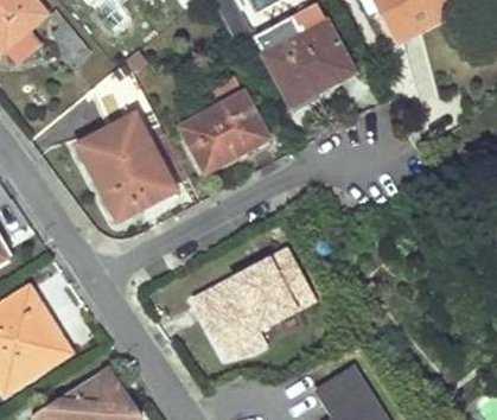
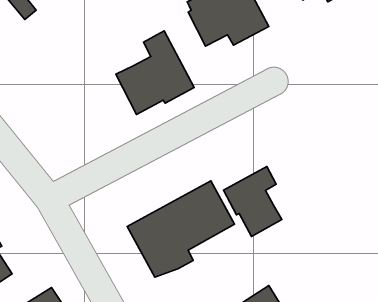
building: [78,113,168,216] -> none
building: none -> [223,166,282,236]

